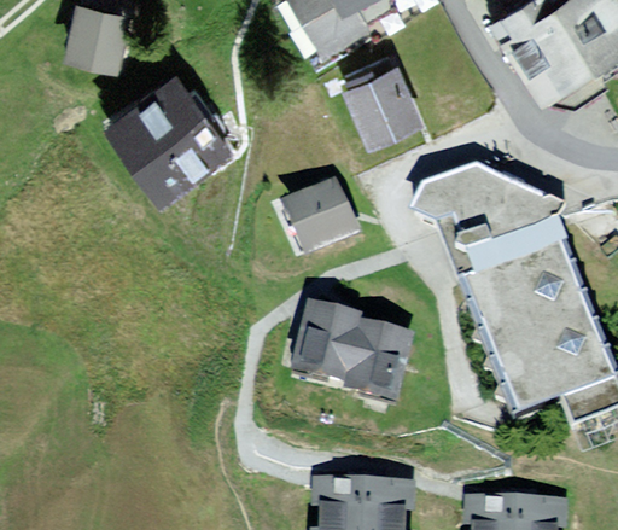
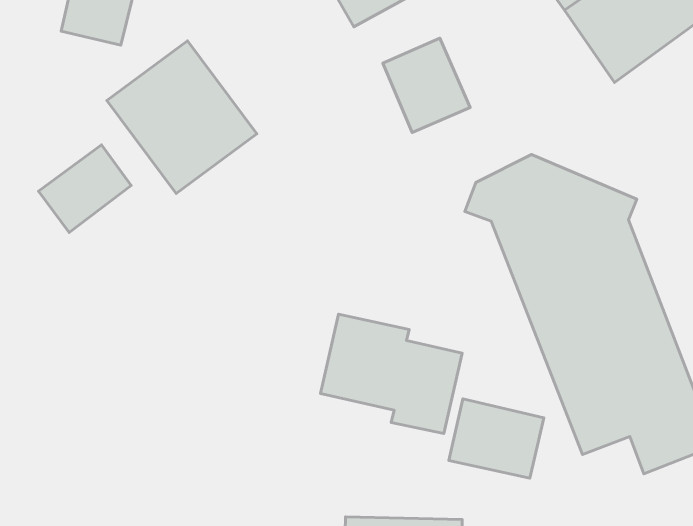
building: none -> [38,145,131,232]
building: [279,175,360,255] -> none
building: none -> [449,399,544,478]

